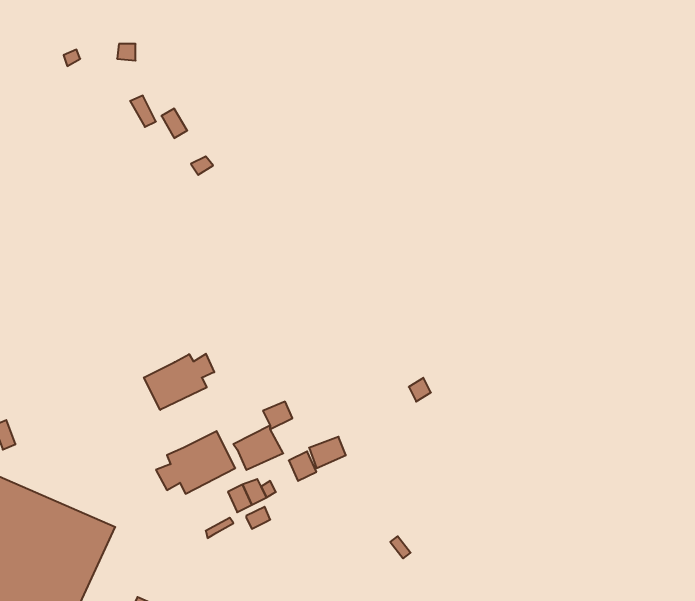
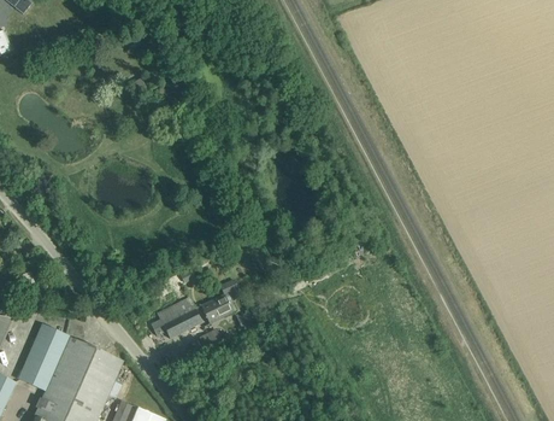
building: [144,354,214,410] -> none

